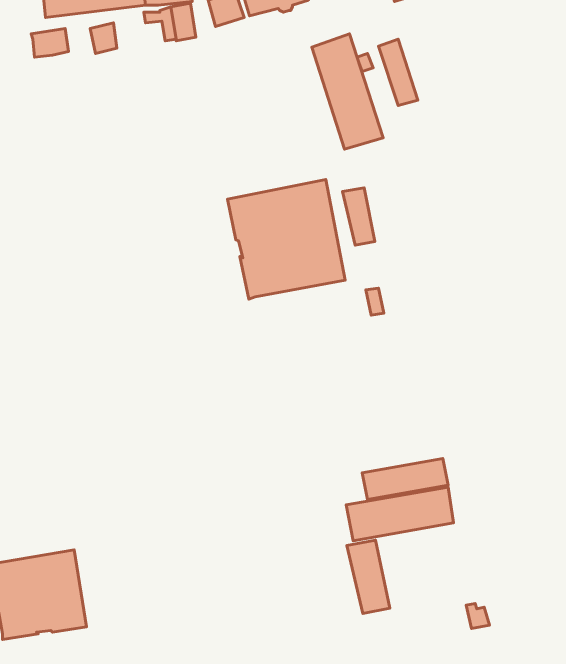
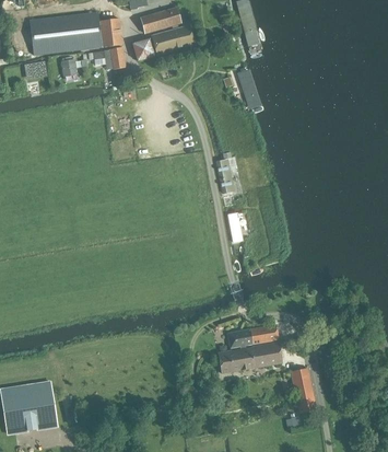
building: [312,34,383,149] -> none
building: [227,179,345,299] -> none
building: [347,540,390,614] -> [290,368,316,413]

